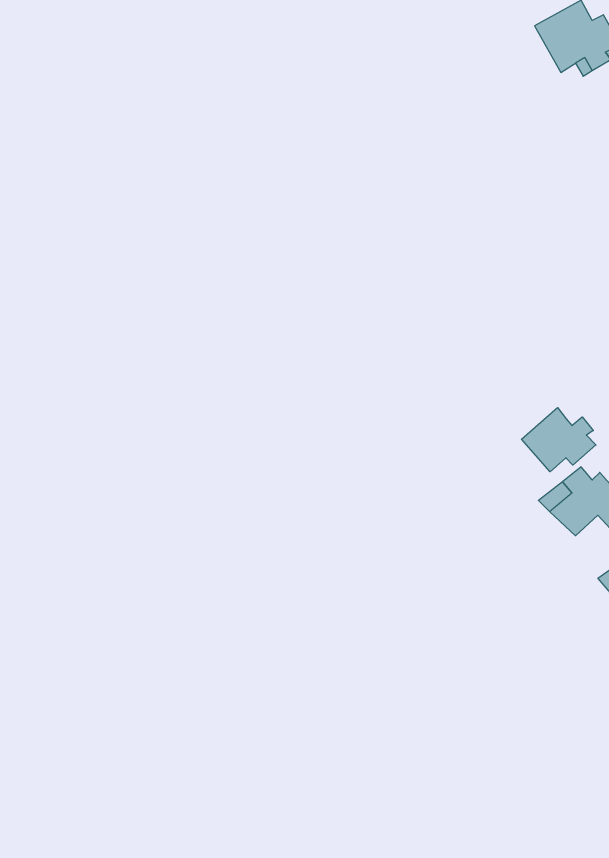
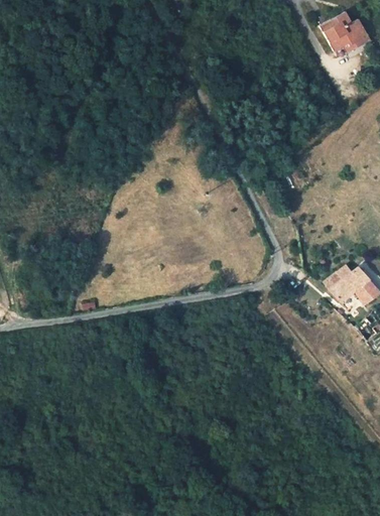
building: [522,408,596,472] -> none

